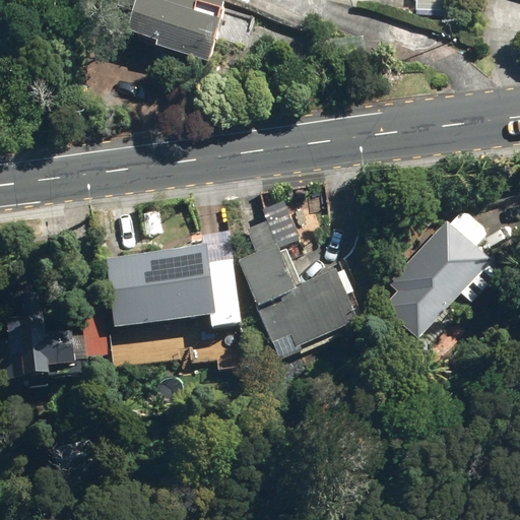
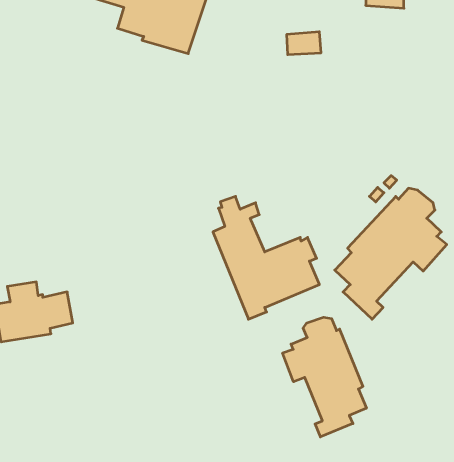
building: [109,242,237,325] -> none
building: none -> [283,317,366,437]

